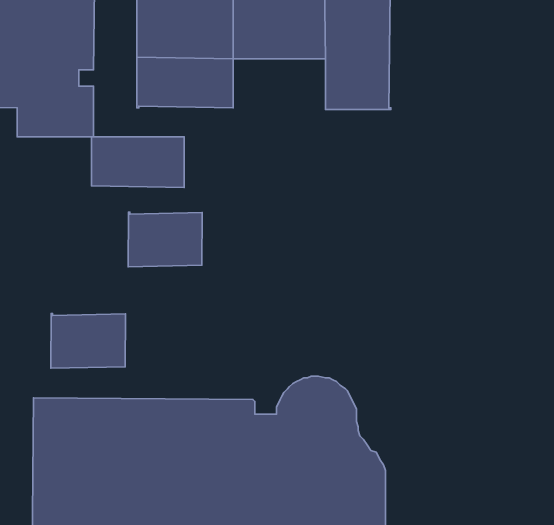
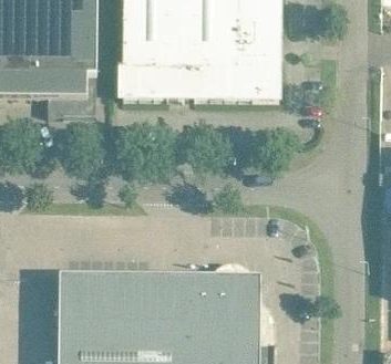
building: [92,137,184,188] -> [181,66,237,97]
building: [128,212,202,267] -> none
building: [51,313,126,368] -> none

